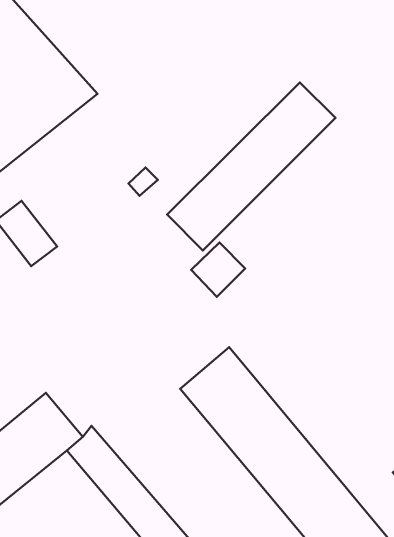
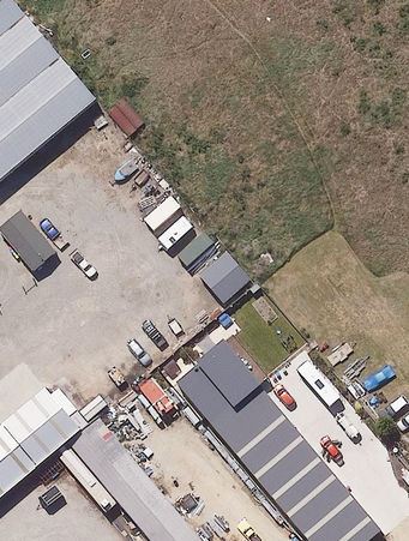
building: [167,83,336,251] -> none

